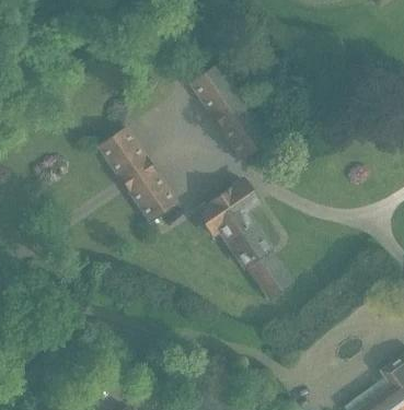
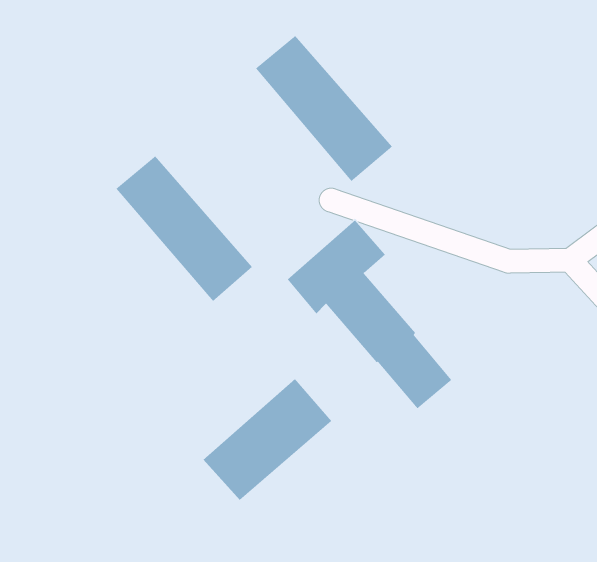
building: none -> [202,378,332,501]

